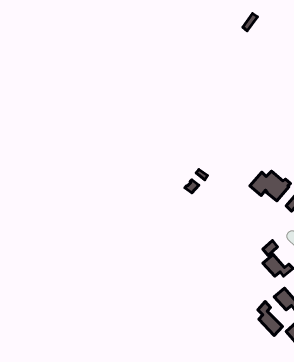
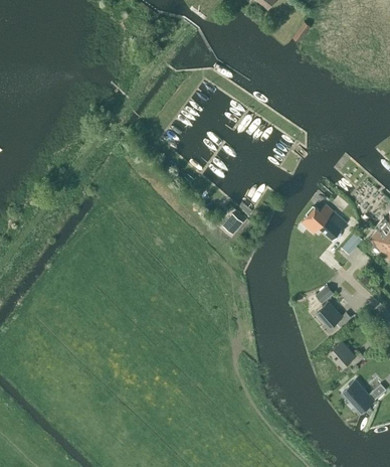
building: [258,302,282,336] -> none

